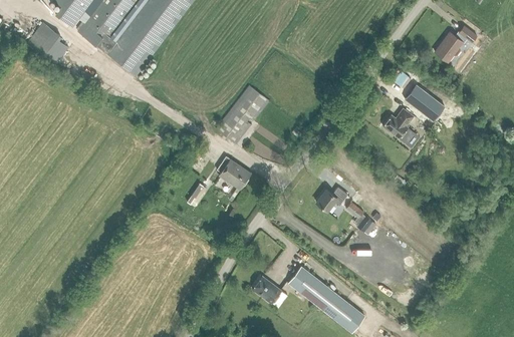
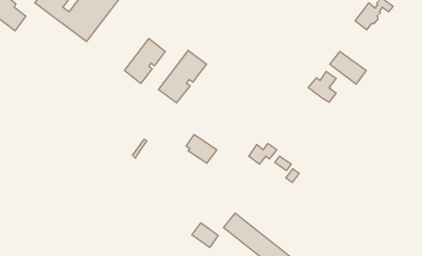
building: none -> [124,39,165,83]
building: [216,155,250,188] -> [186,134,217,163]

